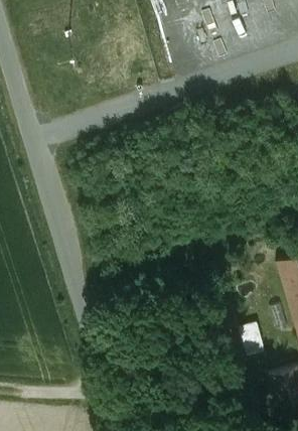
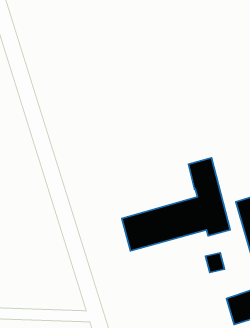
building: none -> [122,158,230,251]

